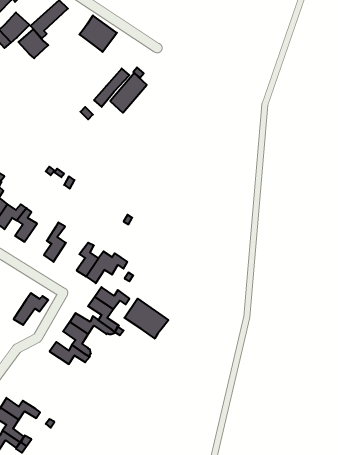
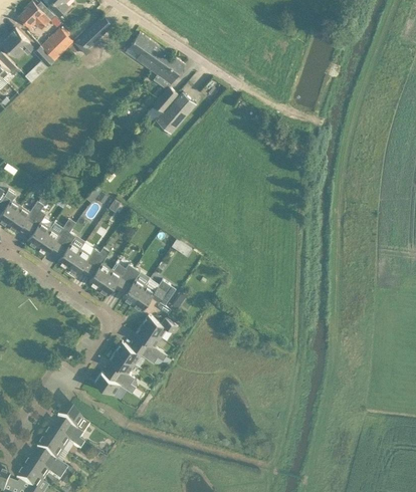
building: [18,29,48,58] -> none
building: none -> [148,49,184,84]
building: none -> [66,248,98,274]
building: [14,293,48,325] -> [96,261,133,294]
building: [124,299,168,339] -> none
building: none -> [54,409,81,441]

